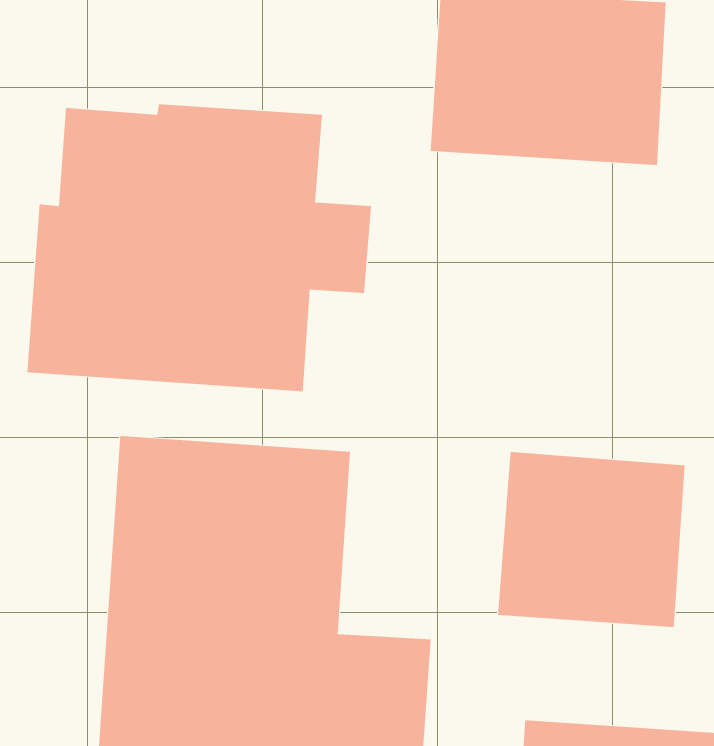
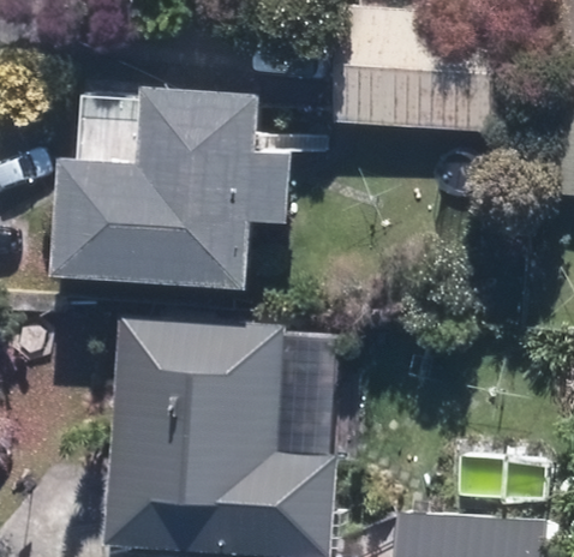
building: [498,451,685,628] -> none

